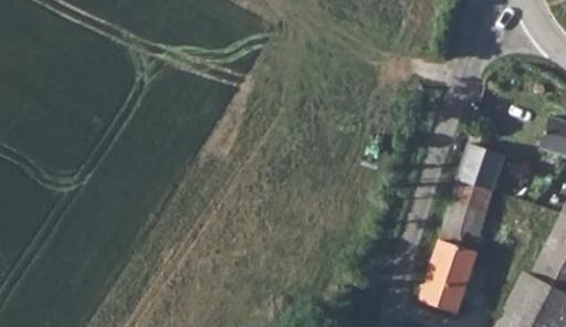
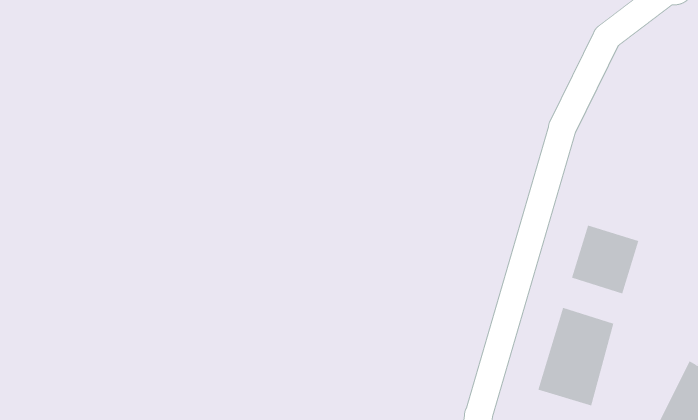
building: [458,135,506,186] -> none
building: [439,213,484,247] -> none

